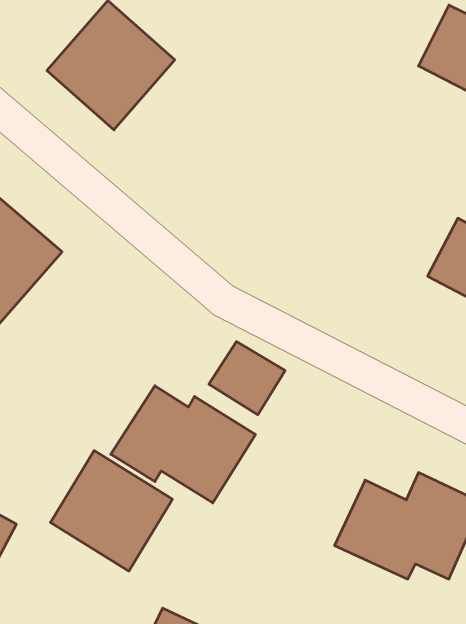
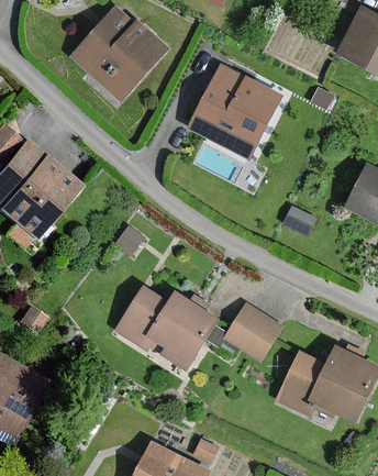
building: none -> [188,65,275,153]
building: [209,342,285,415] -> [226,307,281,359]
building: [50,451,172,571] -> none

